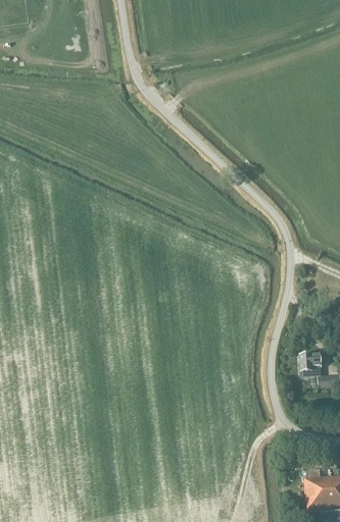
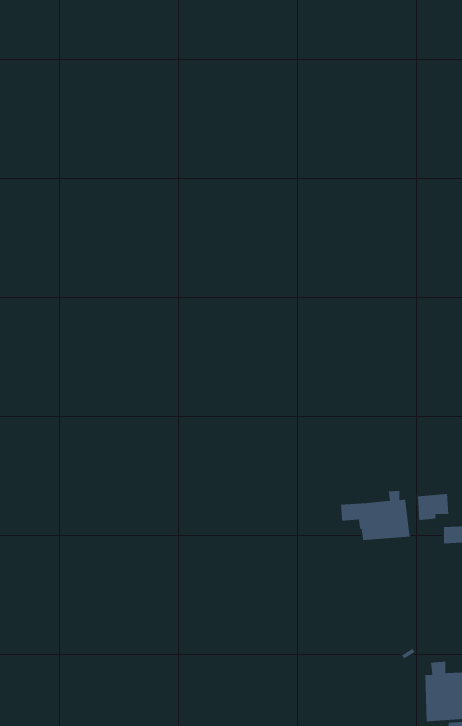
building: none -> [340,490,410,541]

